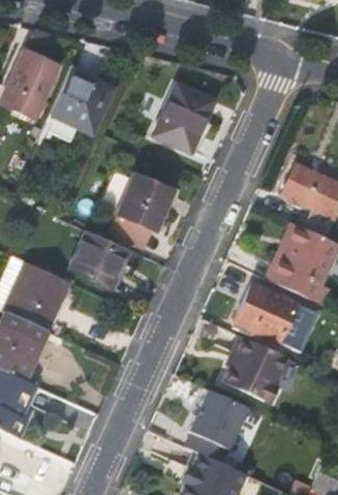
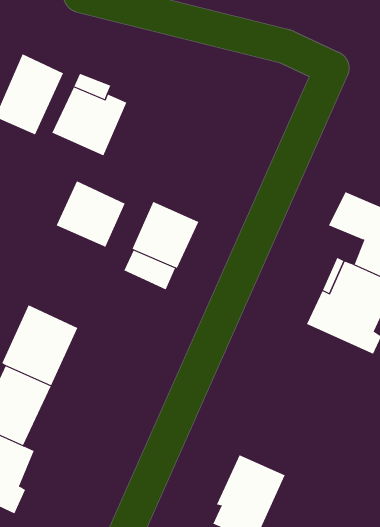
building: [153,85,214,154] -> none
building: [70,229,129,286] -> [56,181,125,248]
building: [233,283,316,349] -> none
building: [221,336,283,403] -> none

